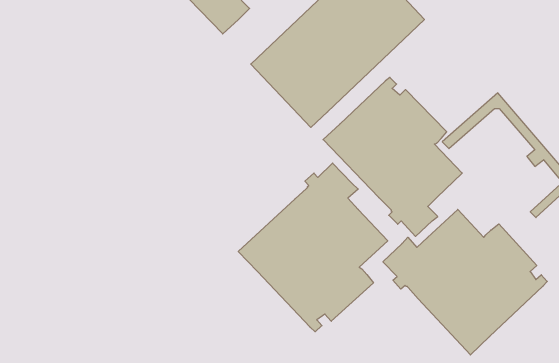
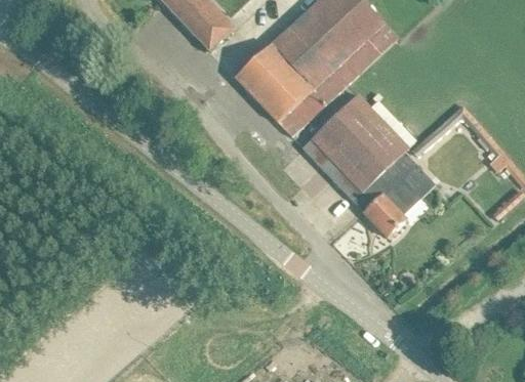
building: [238,163,388,332] -> none
building: [383,209,547,355] -> none

